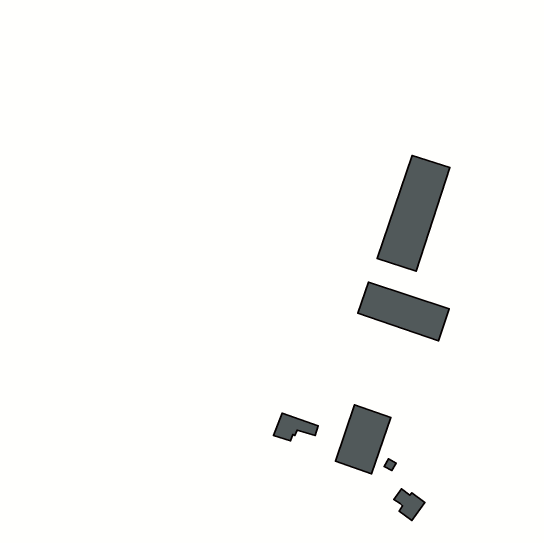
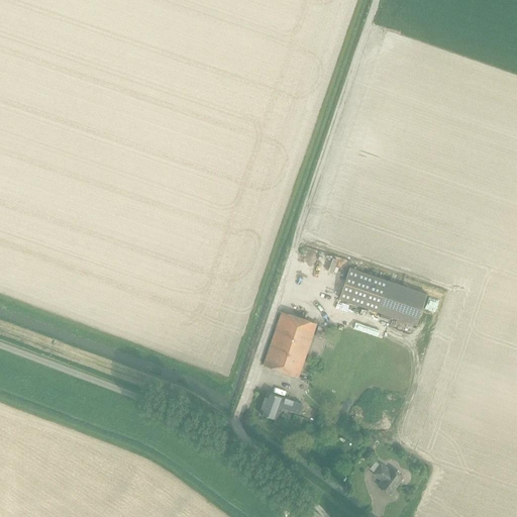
building: [377,156,450,271] -> none
building: [335,405,391,474] -> [264,311,316,377]

